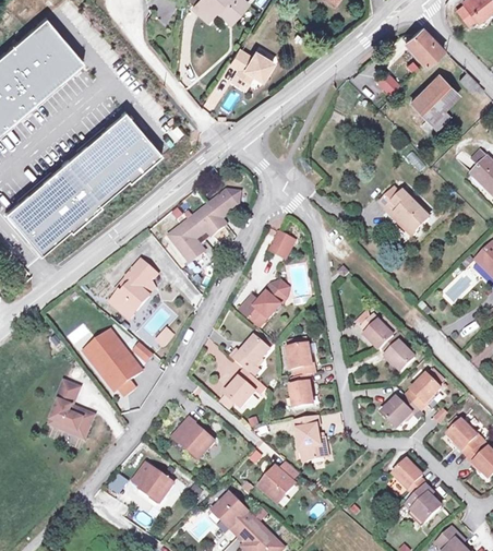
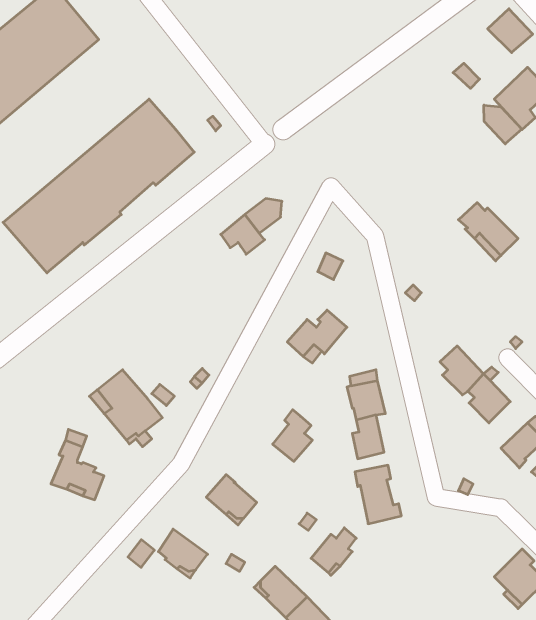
building: [229,47,273,86] -> none
building: none -> [484,105,522,144]
building: [163,220,197,263] -> none
building: [109,256,159,318] -> none
building: [232,332,273,370] -> none
building: [387,395,429,427] -> none
building: [398,458,431,493] -> none

